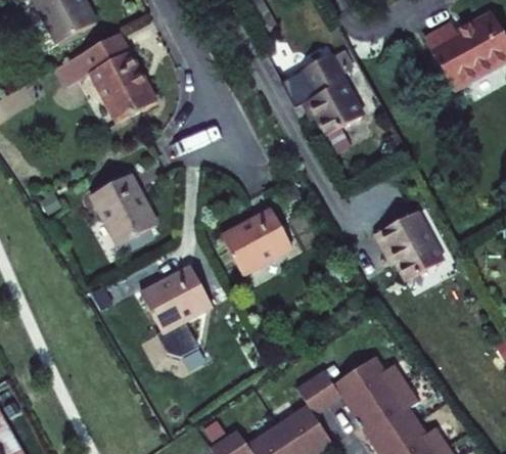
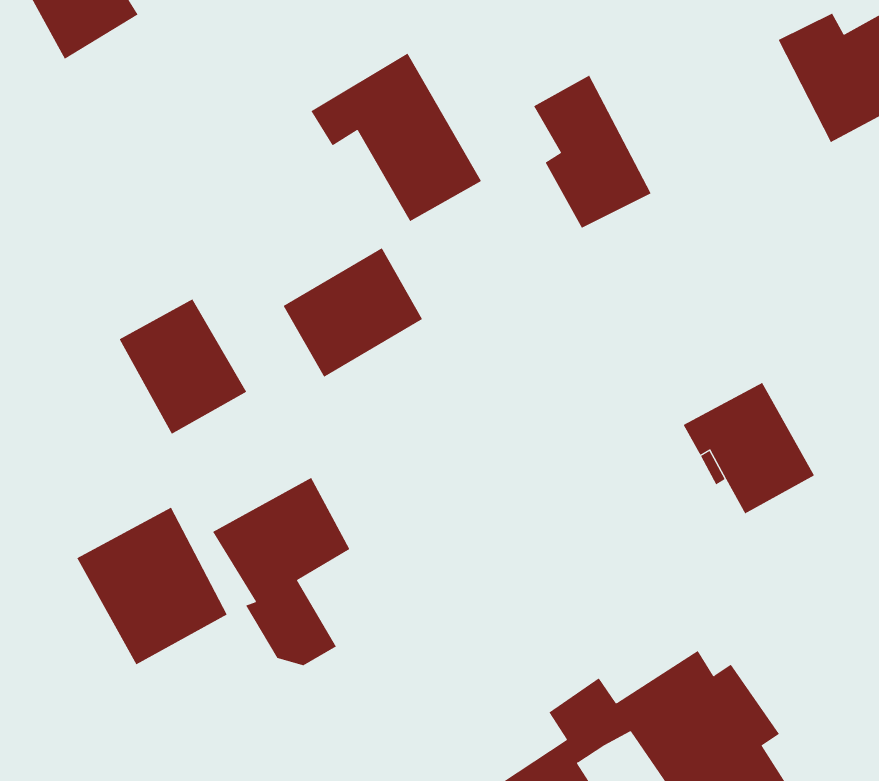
building: [61,34,151,123] -> [311,53,482,222]
building: [212,202,285,271] -> [283,247,423,378]
building: none -> [76,507,228,665]

